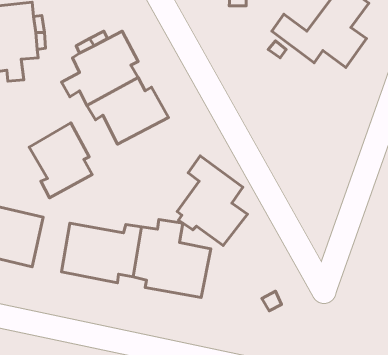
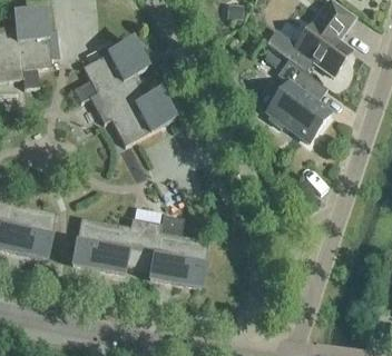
building: [29,123,92,198] -> none
building: [177,156,248,246] -> [267,59,332,141]

